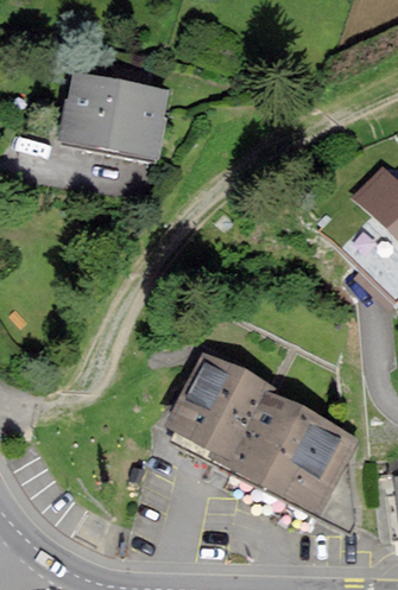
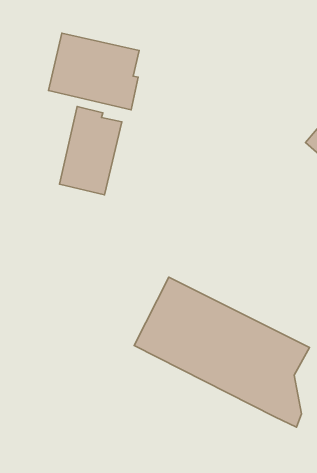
building: none -> [59,106,122,195]

